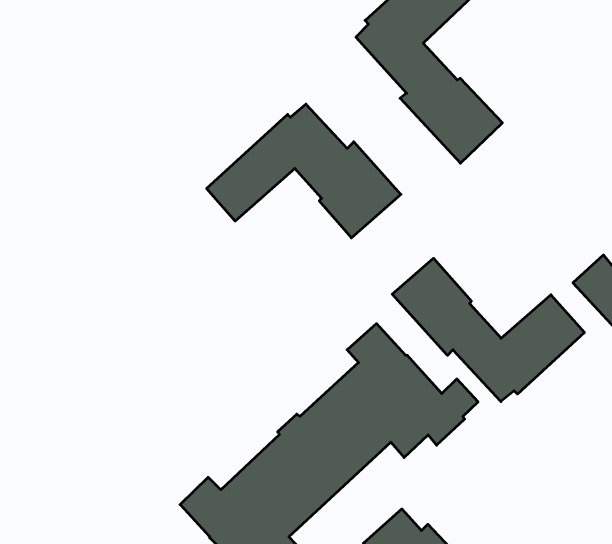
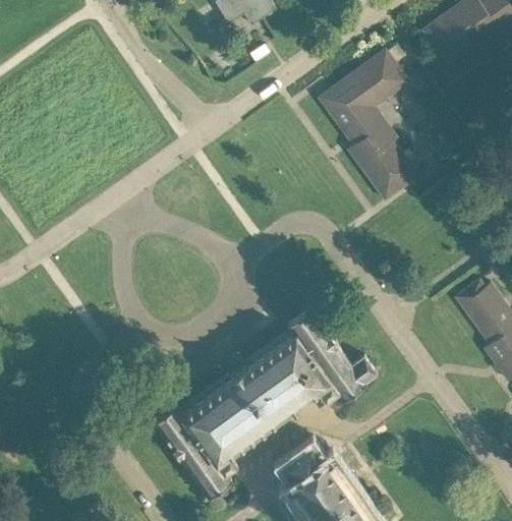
building: [207,104,401,238] -> none
building: [392,258,584,402] -> none

